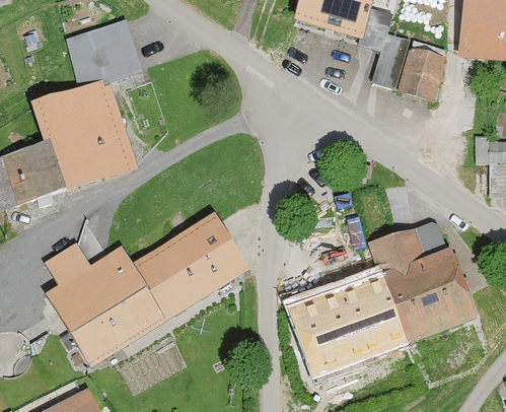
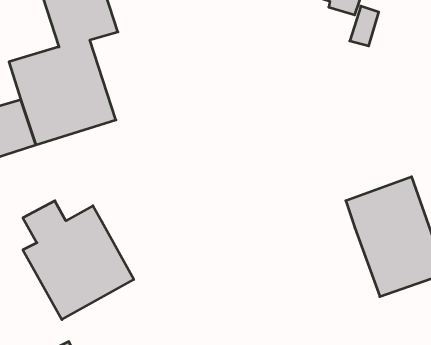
building: [400,51,445,100] -> none
building: [125,216,244,323] -> none
building: [287,266,407,374] -> none

